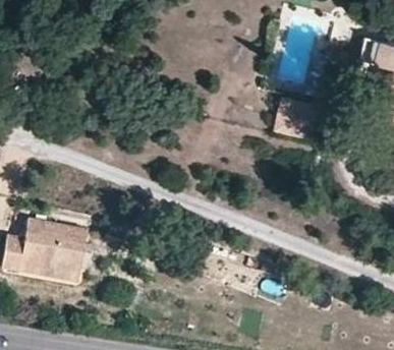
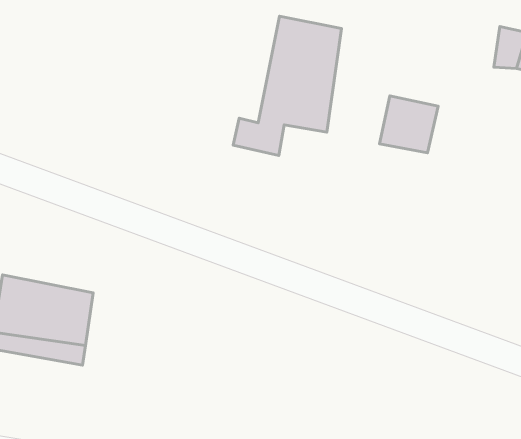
building: none -> [233,16,341,156]

